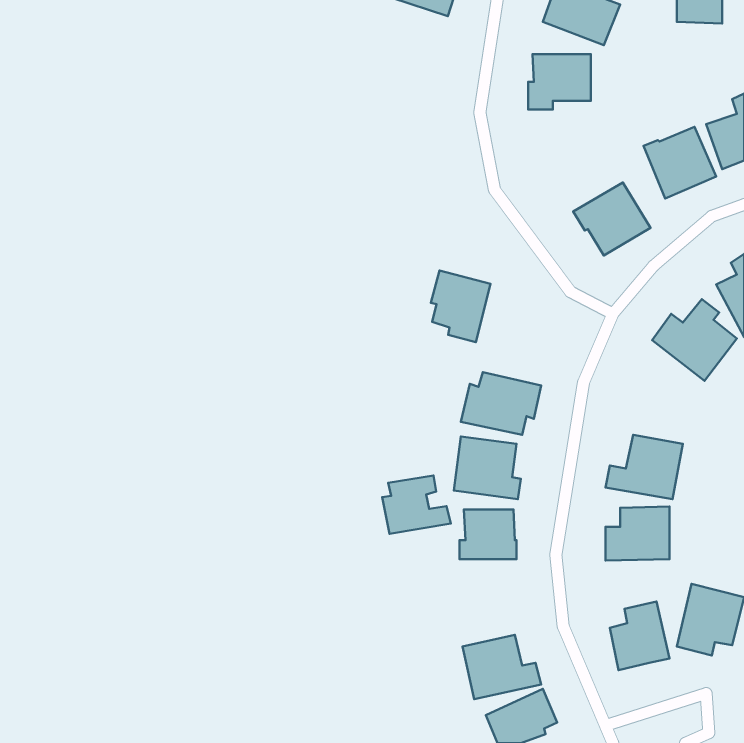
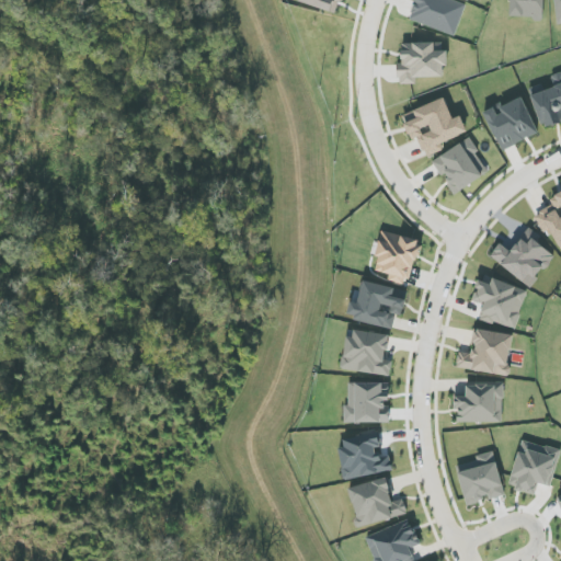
building: none -> [401,98,466,154]
building: [431,271,491,342] -> [374,230,419,284]
building: none -> [472,277,527,328]
building: [382,475,451,534] -> [340,432,391,476]

